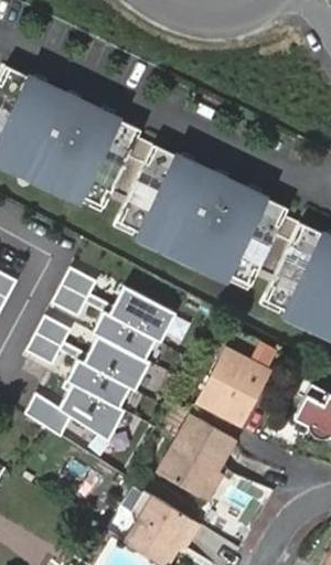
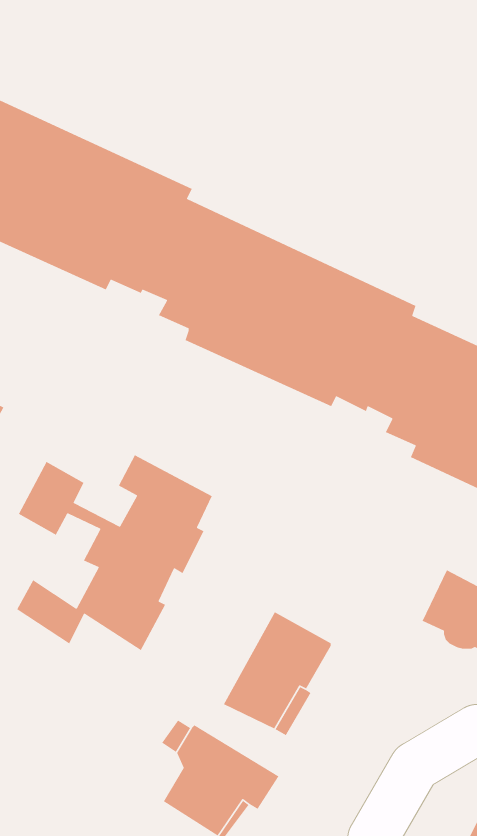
building: [51,266,175,341] -> none
building: [196,348,265,420] -> none

